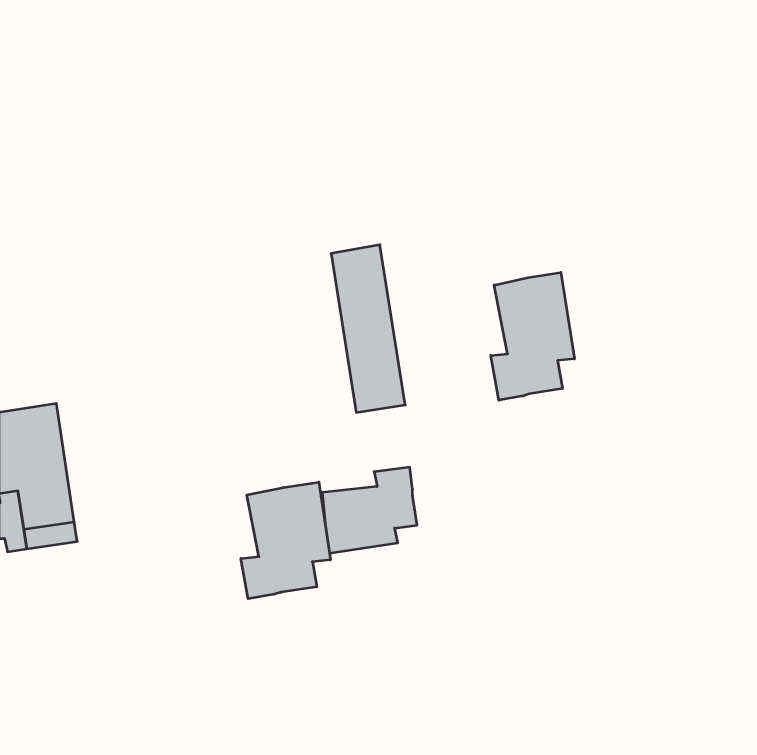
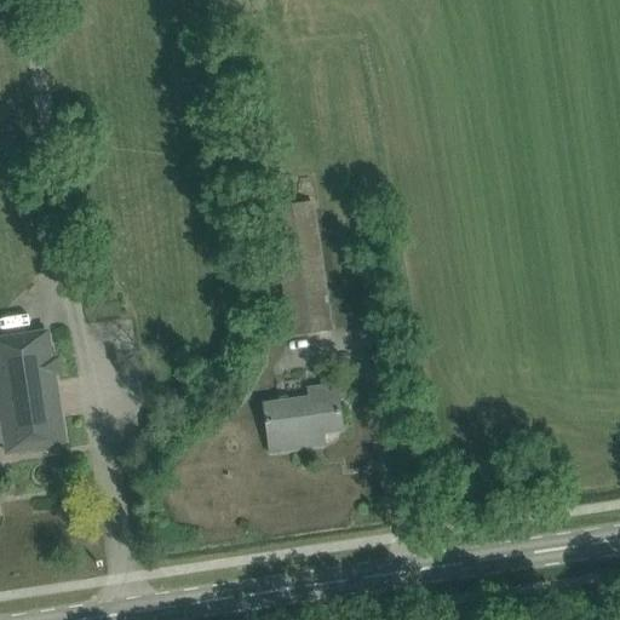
building: [491,272,574,400] -> none
building: [241,482,330,599] -> none

